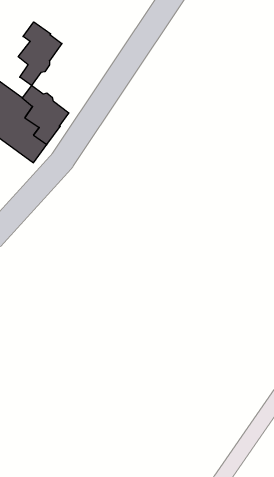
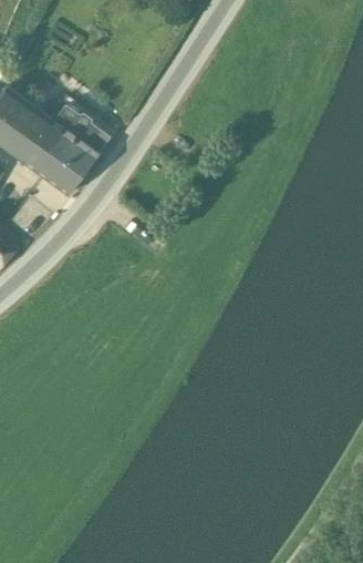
building: [18,22,62,85] -> none

